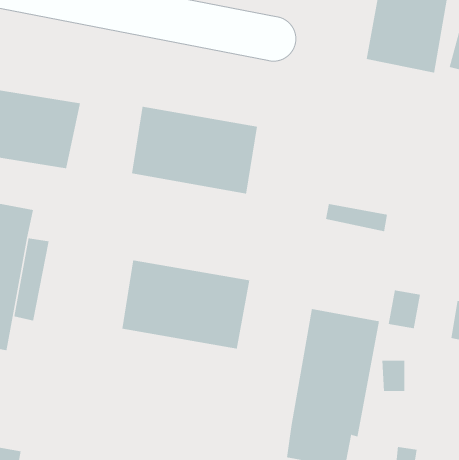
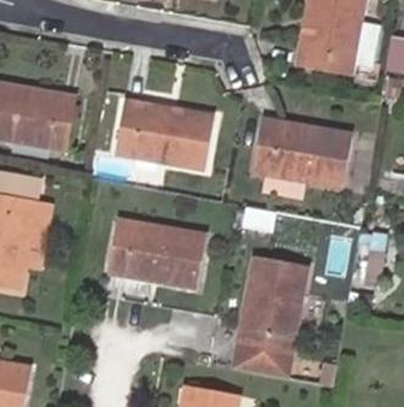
building: none -> [252,119,353,187]

